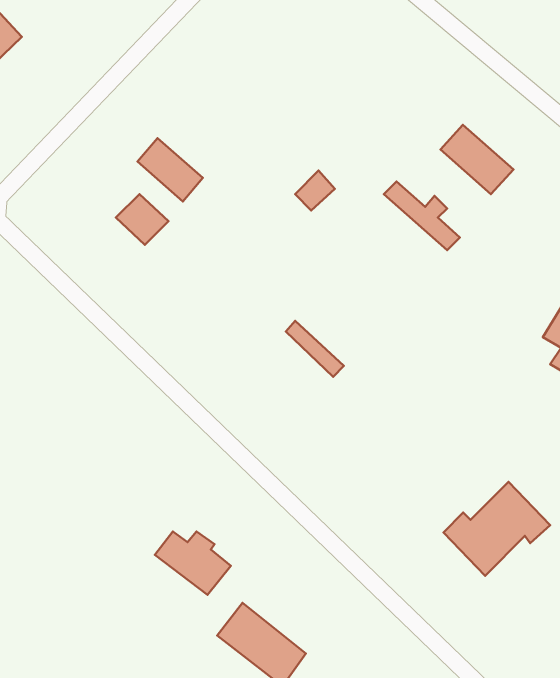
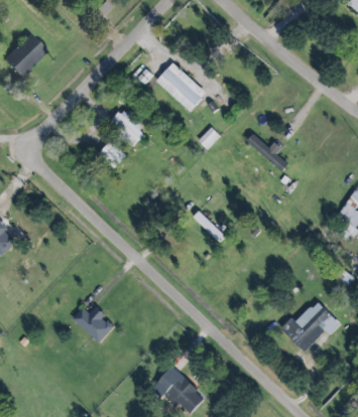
building: none -> [155,61,207,111]
building: [440,125,513,194] -> none
building: [155,531,231,595] -> [72,307,114,342]

